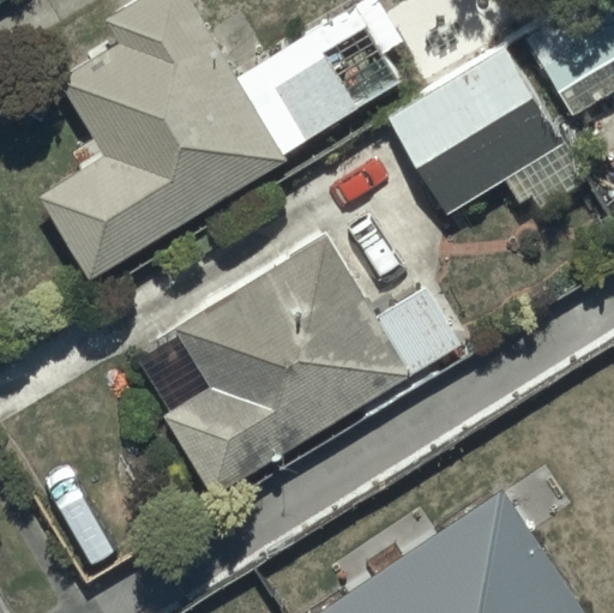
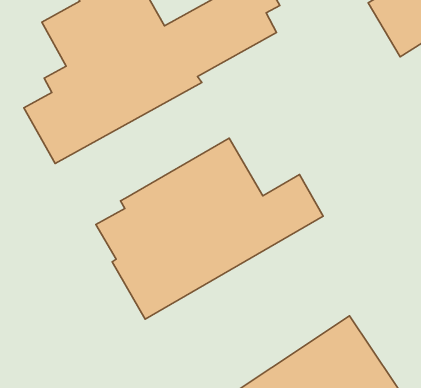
building: [390,41,567,208] -> none

